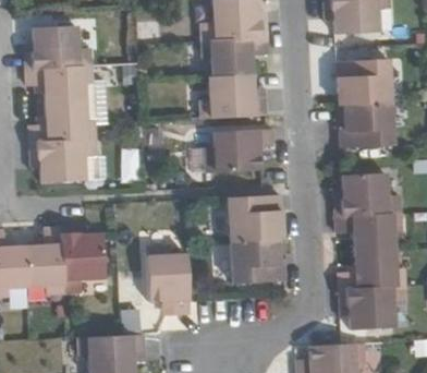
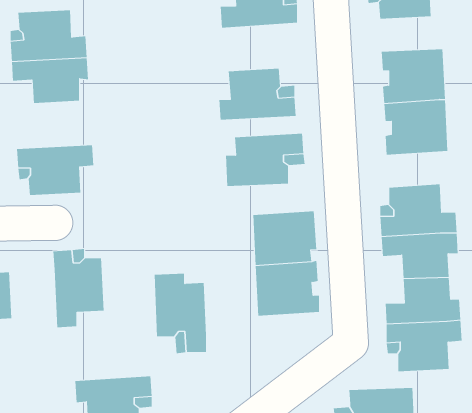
building: [203,36,268,76] -> none
building: [29,101,95,142] -> none
building: [25,228,64,293] -> none

